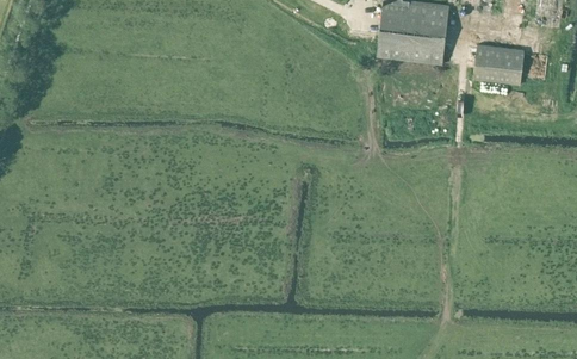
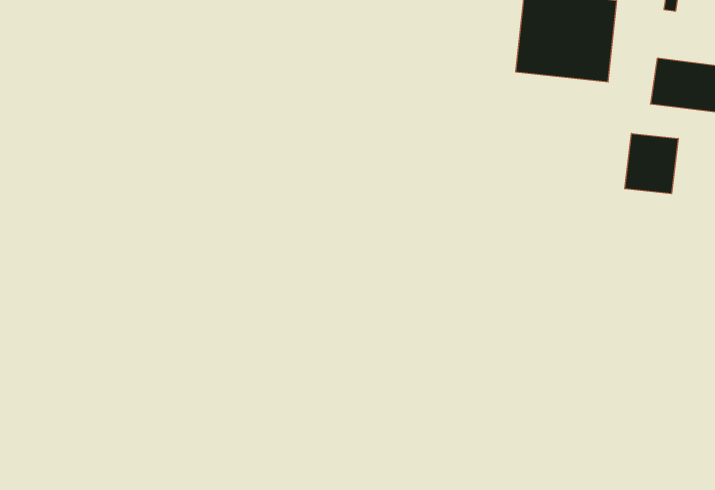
building: none -> [625,133,678,194]

